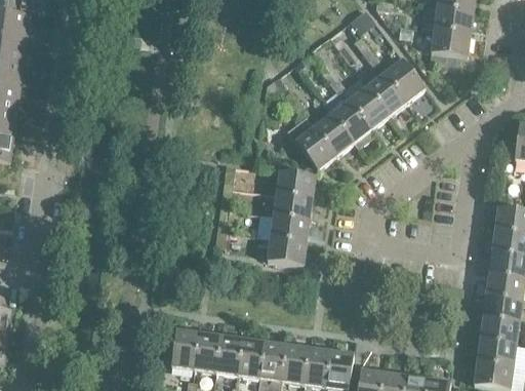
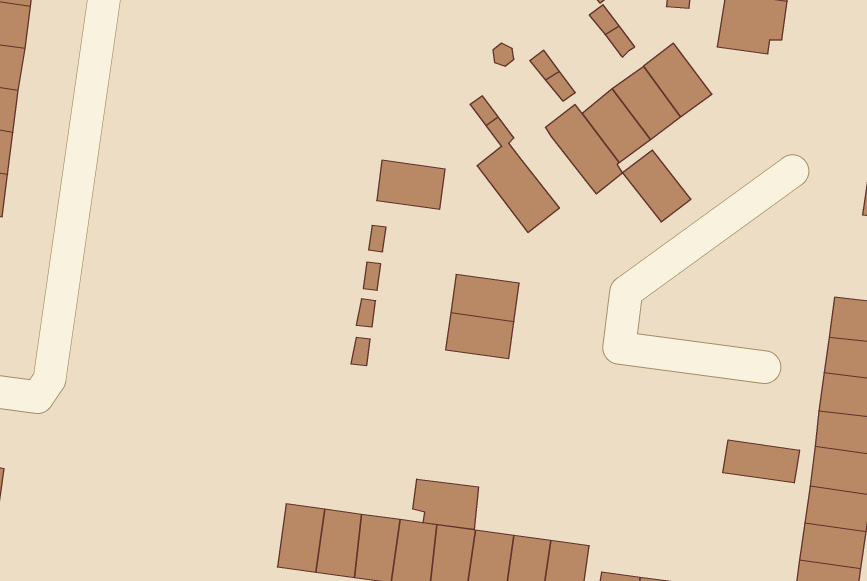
building: [314,113,354,155] -> [623,150,691,222]
building: [276,170,316,199] -> [377,160,445,209]
building: [268,238,307,265] -> none
building: none -> [723,440,799,483]
building: none -> [413,479,479,529]

